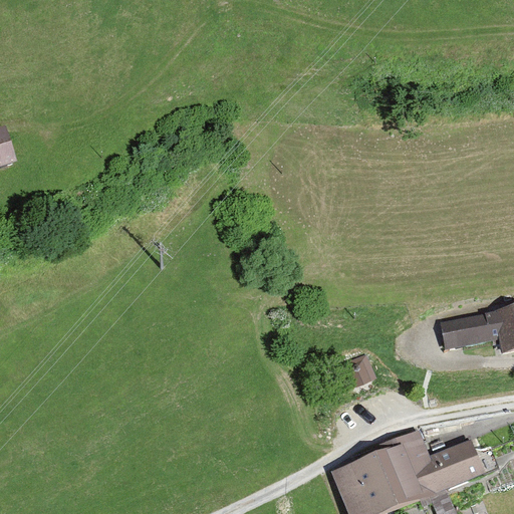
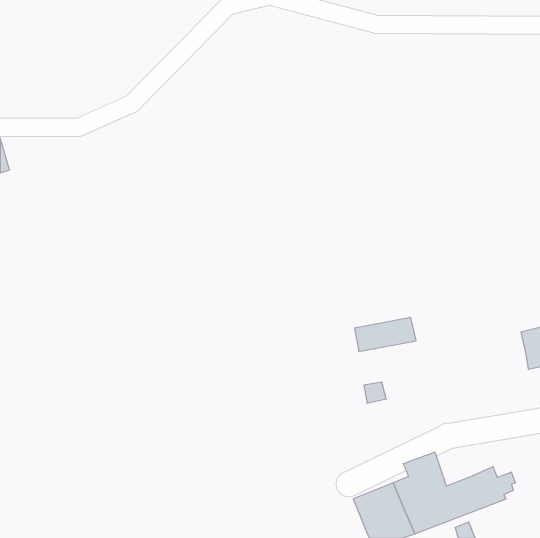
building: [442,314,500,346] -> [354,317,416,351]

